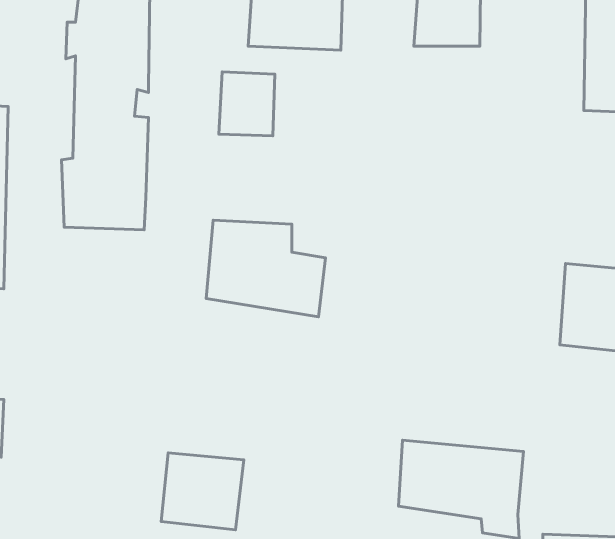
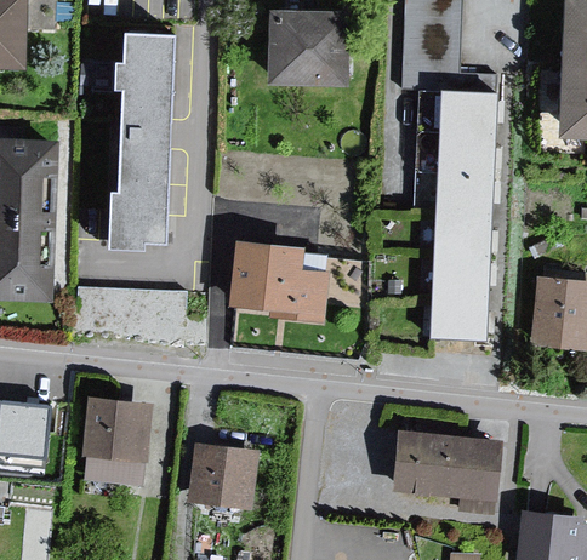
building: none -> [429,95,503,344]
building: [219,72,275,136] -> none
building: none -> [84,275,190,327]
building: none -> [84,394,153,491]

